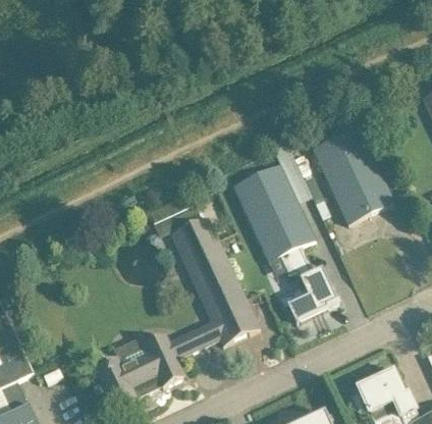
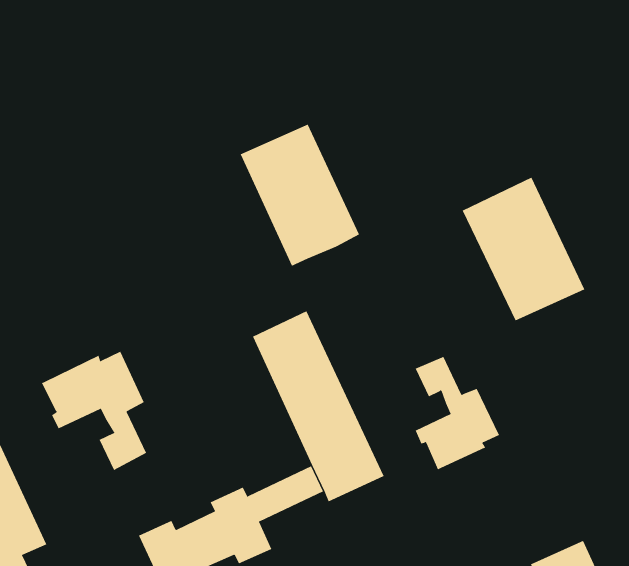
building: [234,164,315,260] -> [240,124,360,267]
building: none -> [41,351,147,471]

